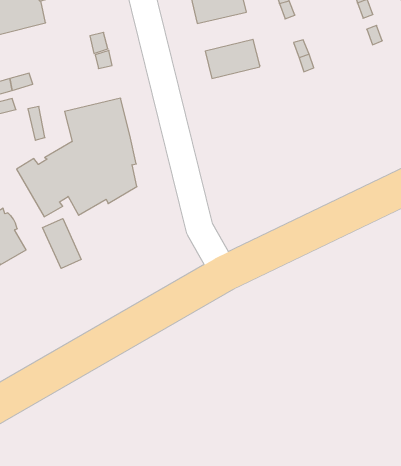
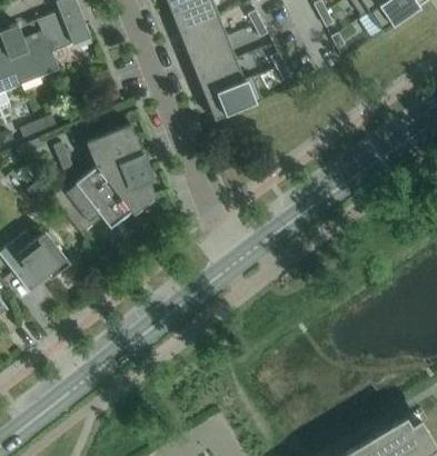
building: none -> [187,36,236,73]
building: none -> [206,76,262,119]
building: [43,219,81,268] -> none

